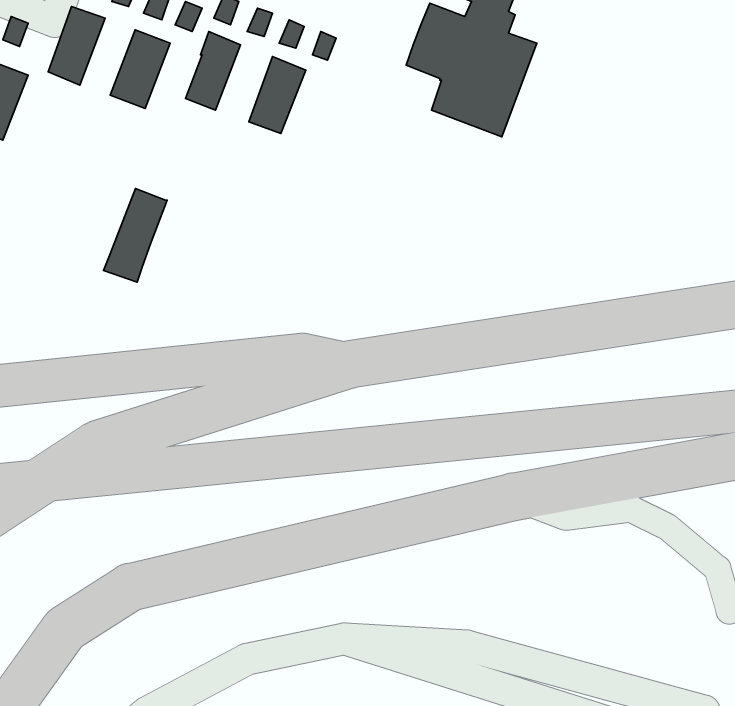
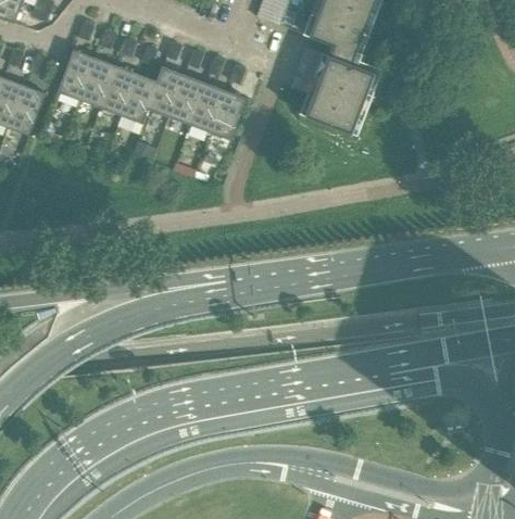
building: none -> [78,55,114,105]
building: none -> [166,73,203,123]
building: none -> [209,89,246,139]
building: [104,188,167,282] -> [116,72,158,132]

